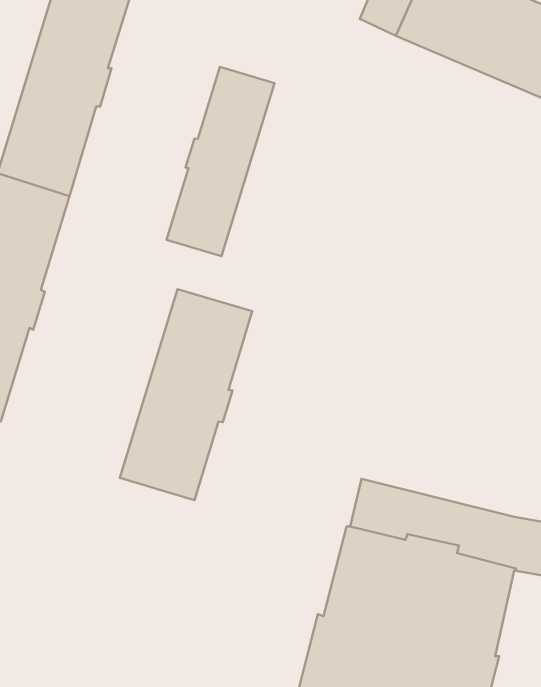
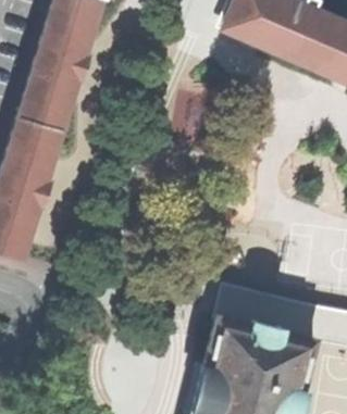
building: [167,67,275,256] -> none
building: [120,289,252,500] -> none

